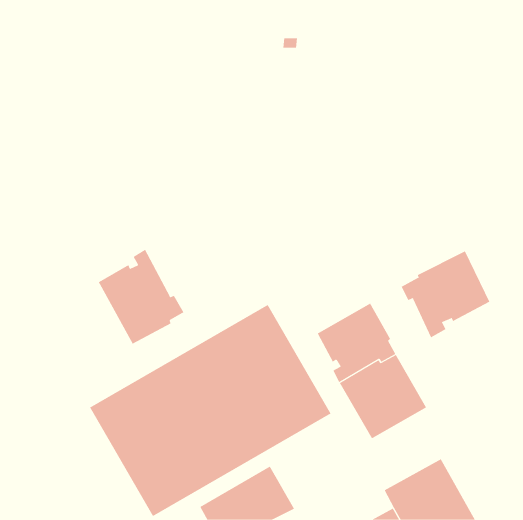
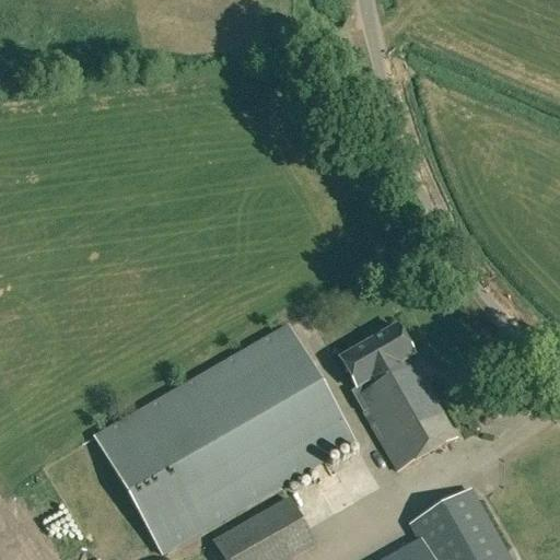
building: [98,249,184,344] -> none
building: [401,251,491,338] -> none

